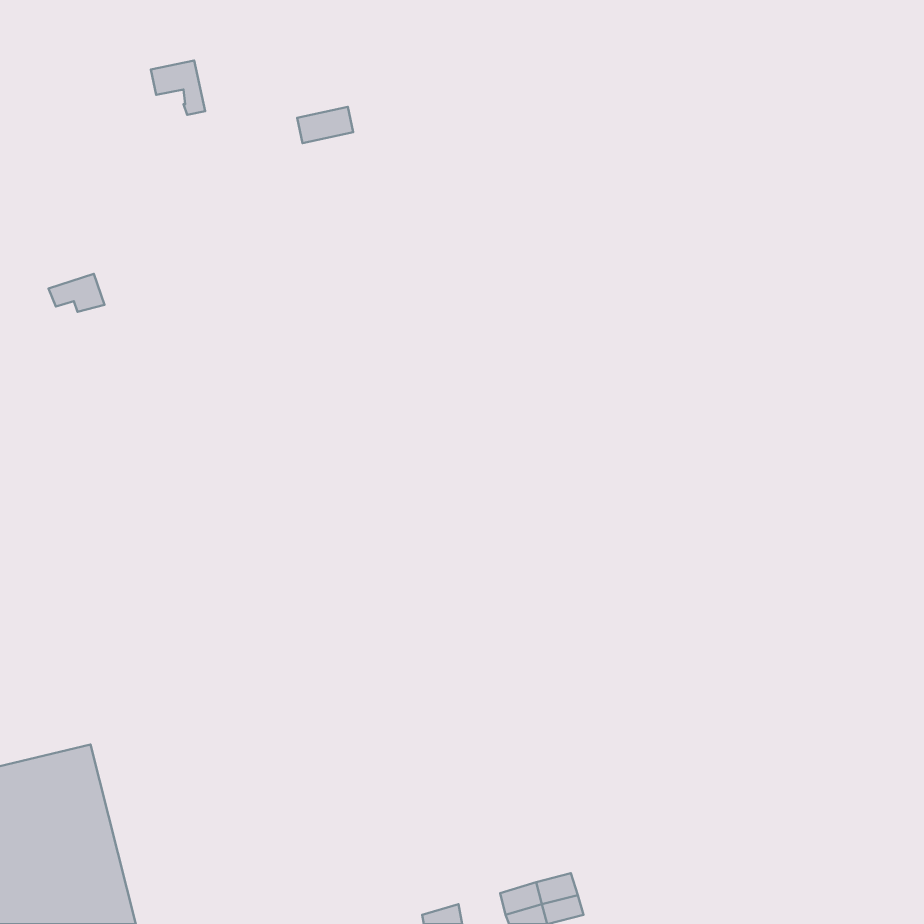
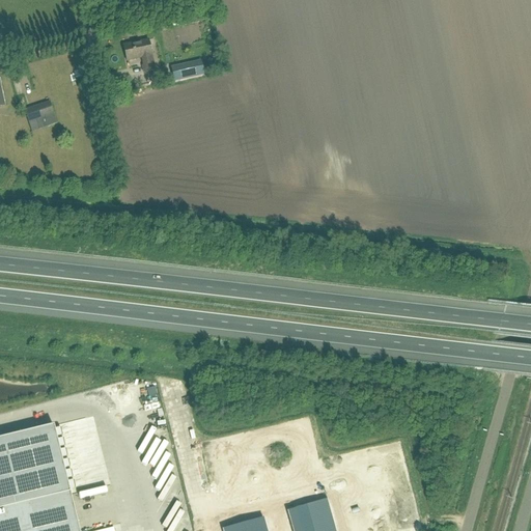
building: [151,61,205,115] -> [122,40,153,72]
building: [48,274,105,312] -> [24,105,56,127]

